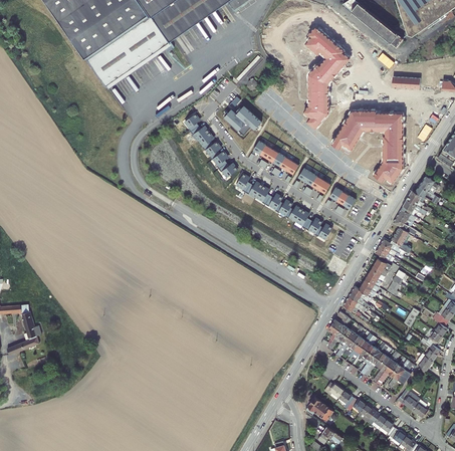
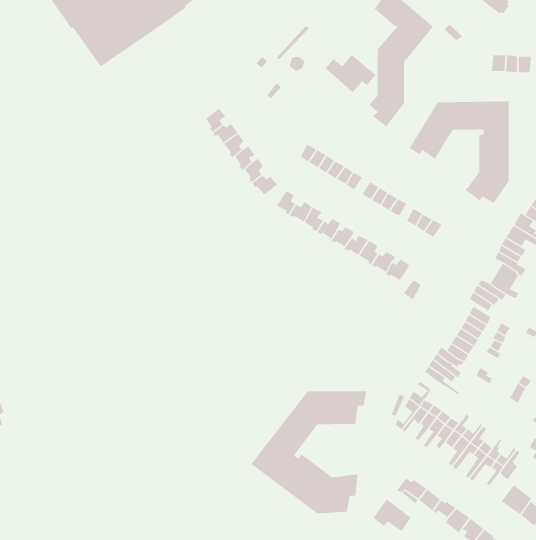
building: [224,106,261,135] -> [325,54,377,93]
building: none -> [250,391,367,514]

